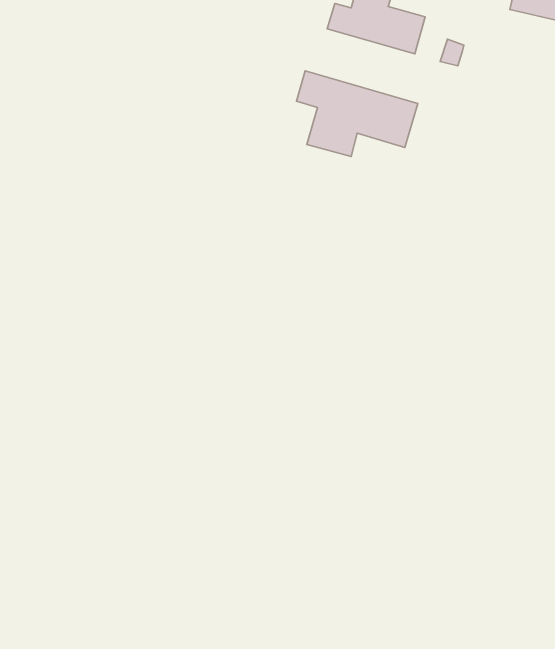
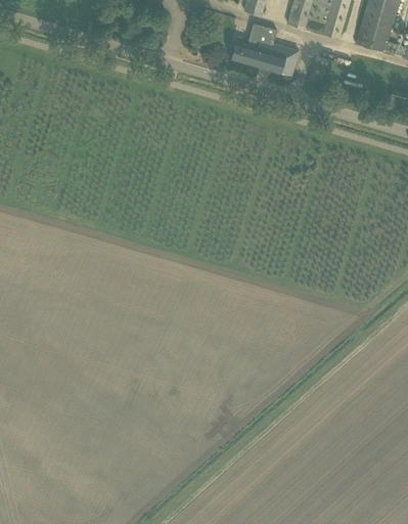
building: [297,71,418,156] -> none

